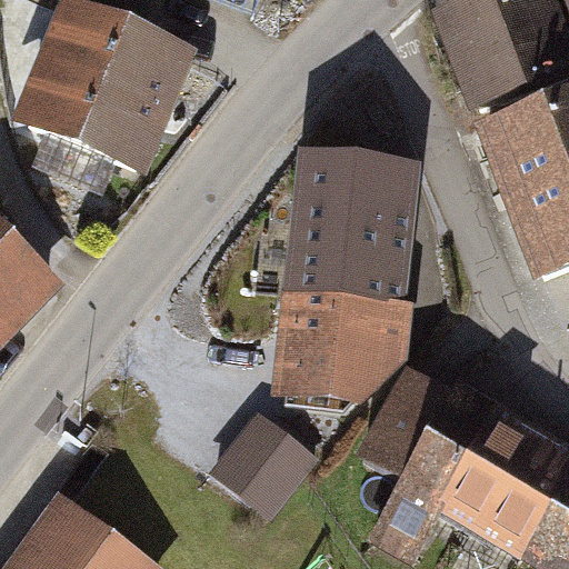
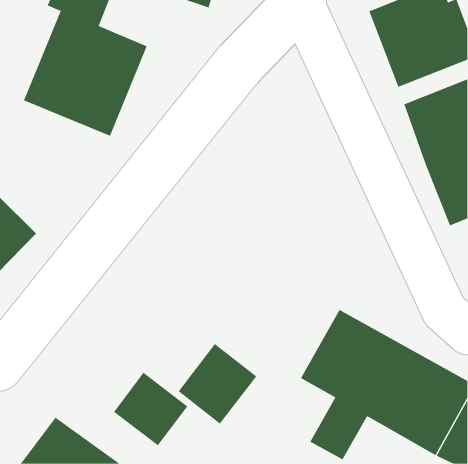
building: [283,157,411,397] -> none
building: none -> [113,372,188,446]

